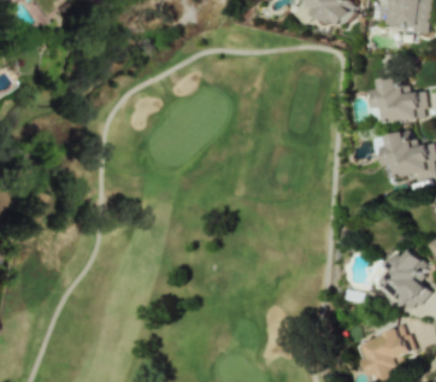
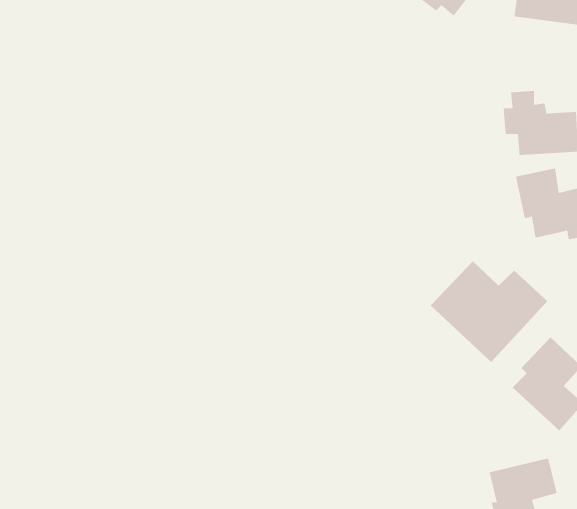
building: none -> [430,261,548,363]

